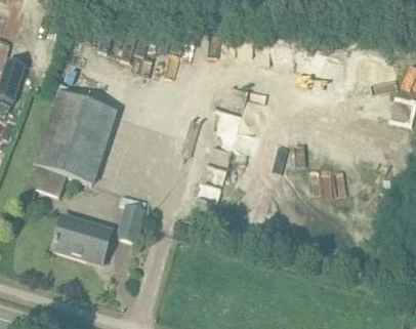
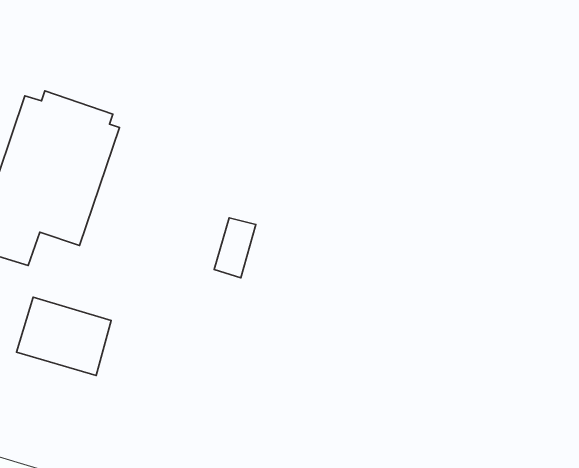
building: [118,204,143,241] -> [214,218,256,278]

